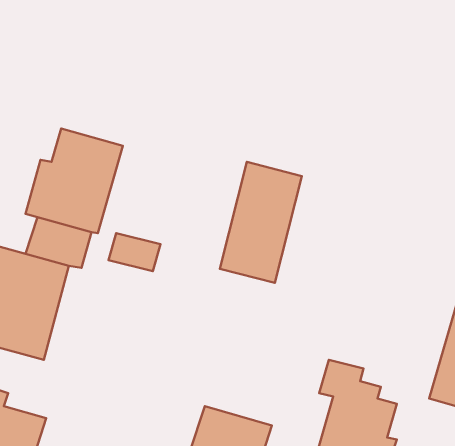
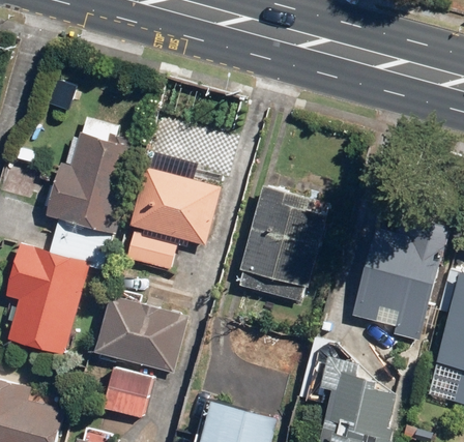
building: none -> [130,169,220,245]
building: none -> [368,219,446,334]
building: none -> [94,296,183,373]
building: none -> [99,367,150,418]

